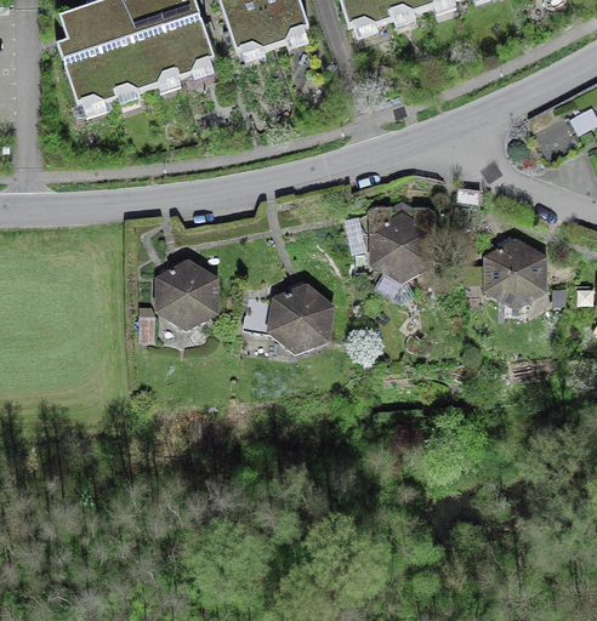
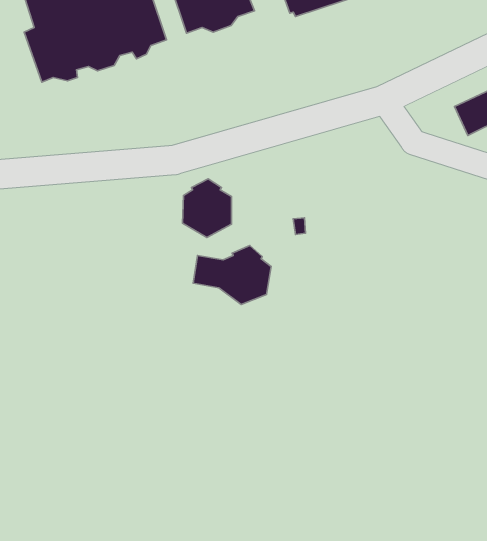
building: [369,206,434,277] -> none
building: [489,239,542,302] -> none
building: [160,260,214,324] -> [182,179,231,238]

